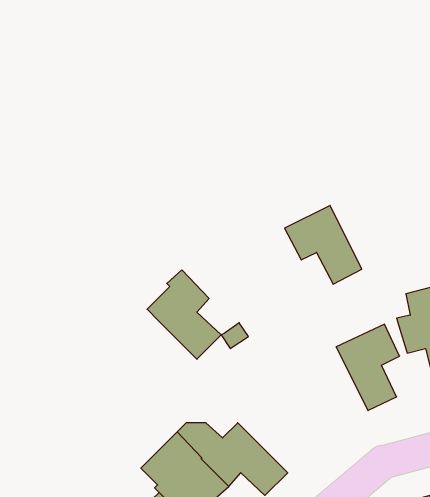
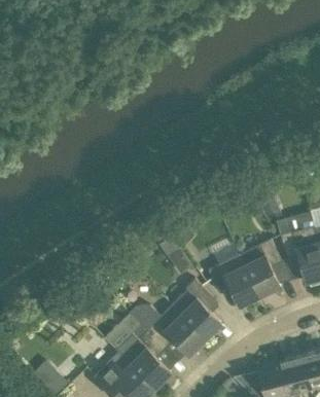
building: [285,205,362,284] -> [208,255,260,309]
building: [147,270,221,359] -> [172,280,222,340]

